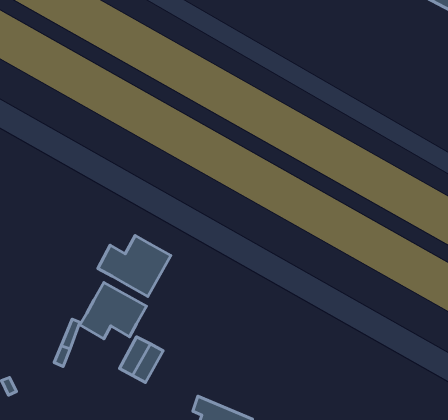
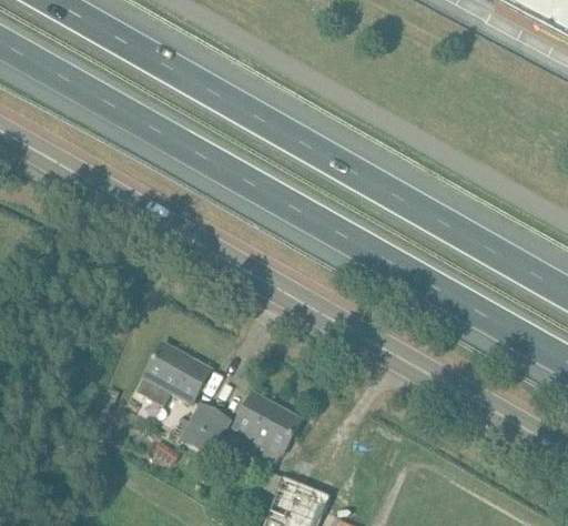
building: [98,235,171,296] -> none
building: none -> [233,391,300,452]

